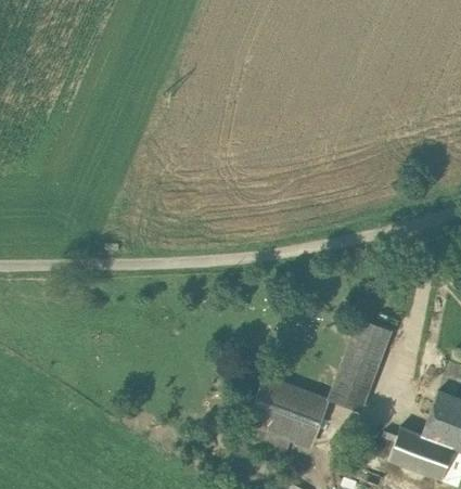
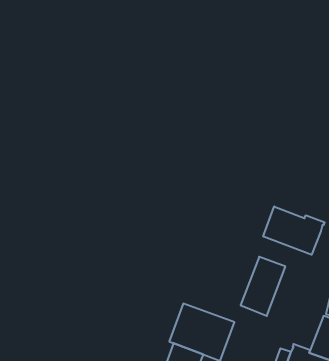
building: none -> [263,206,325,255]
building: [329,378,369,412] -> none

